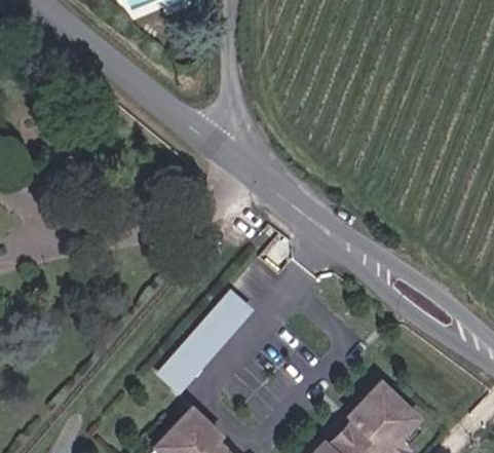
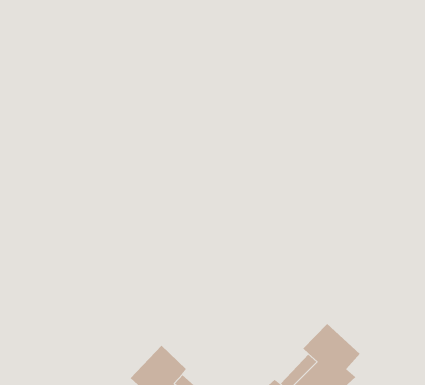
building: [160,291,254,387] -> none

